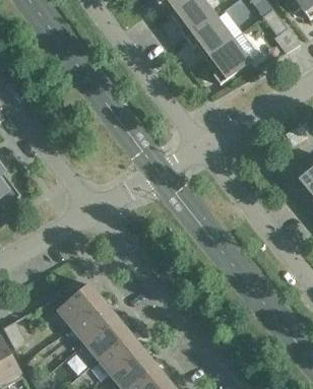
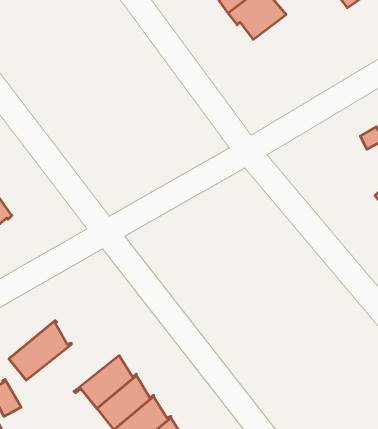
building: [204,40,249,84] -> none
building: [54,283,102,329] -> [9,321,71,380]

